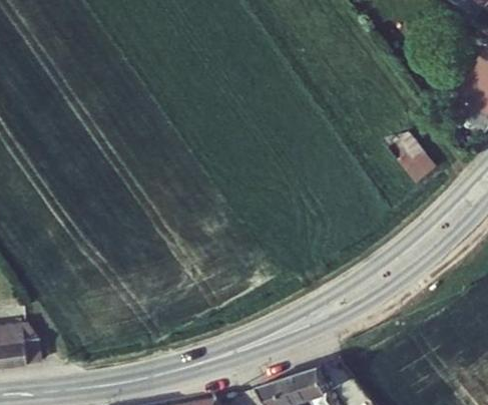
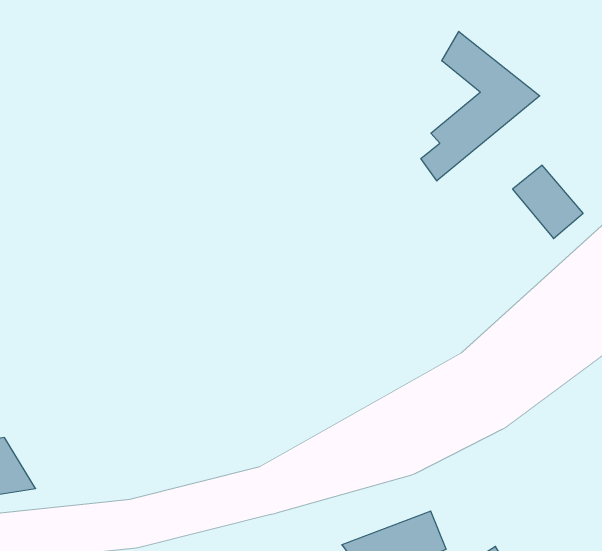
building: none -> [421,31,540,181]

